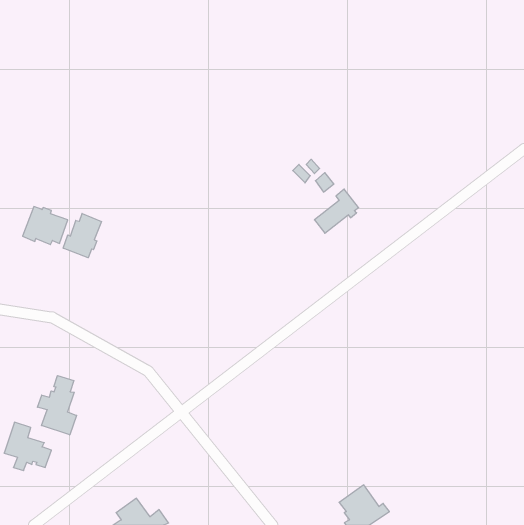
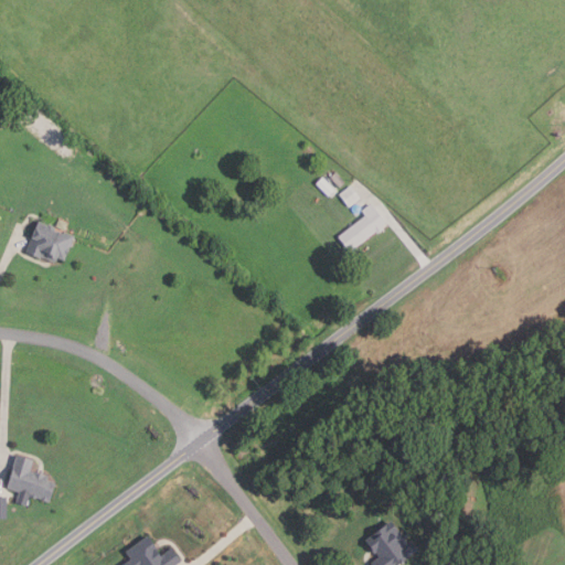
building: [63,213,102,258] -> none
building: [37,376,77,435] -> none

